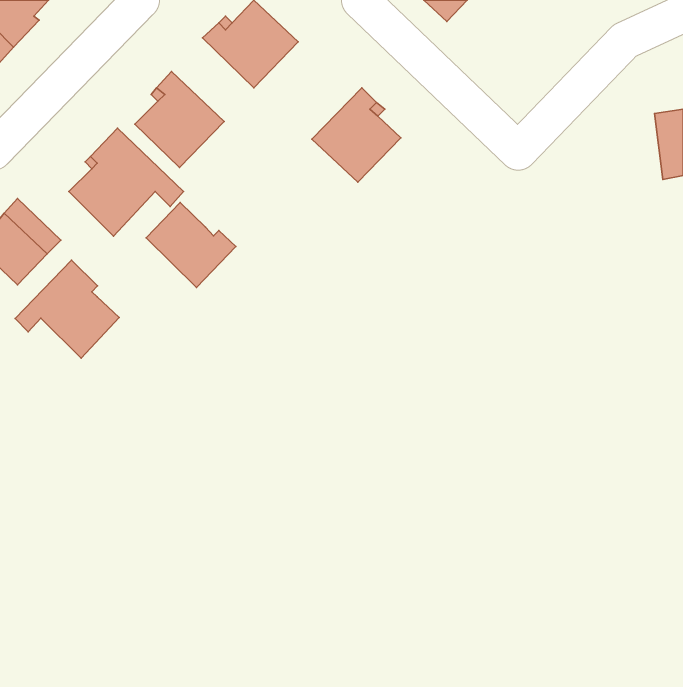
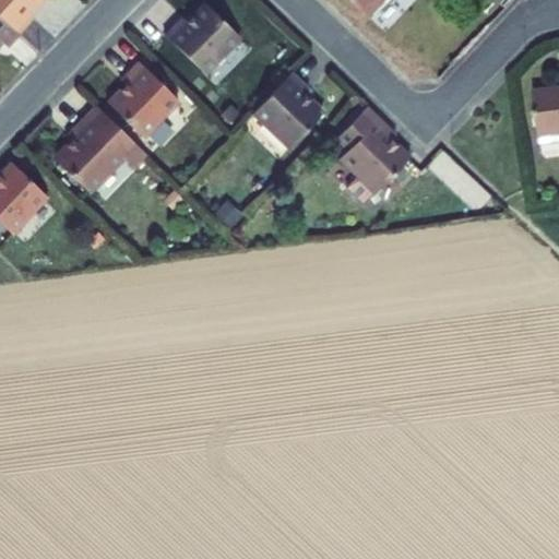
building: none -> [337,107,411,193]
building: [146,202,236,288] -> none
building: [15,260,119,358] -> none

